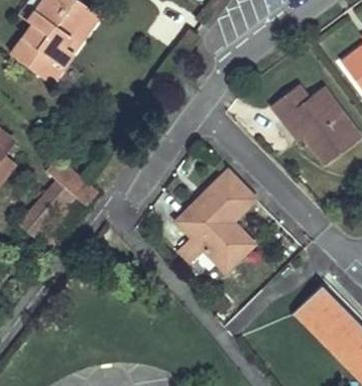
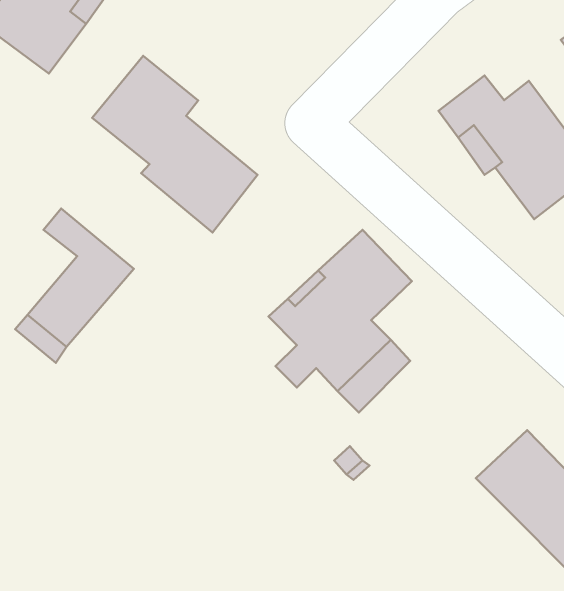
building: none -> [92,56,258,232]

